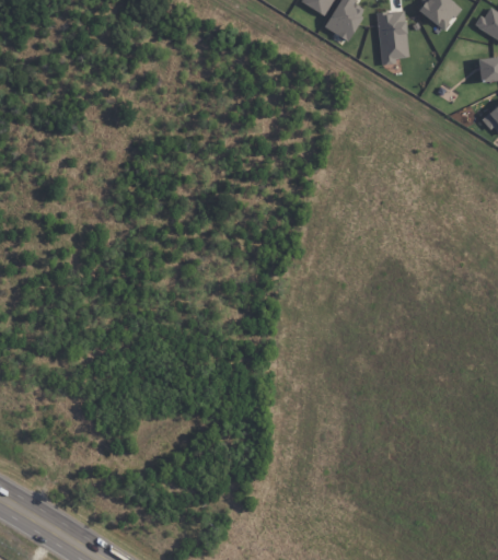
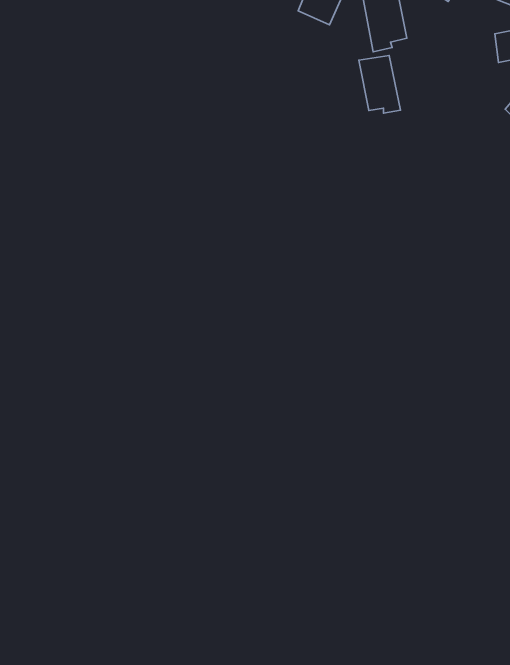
building: none -> [359,55,400,113]

